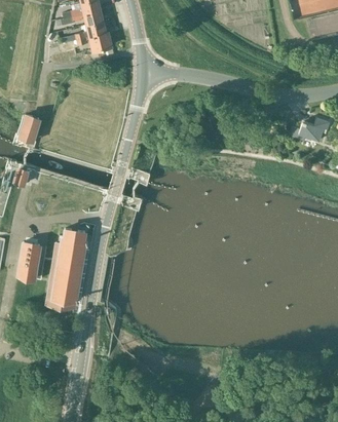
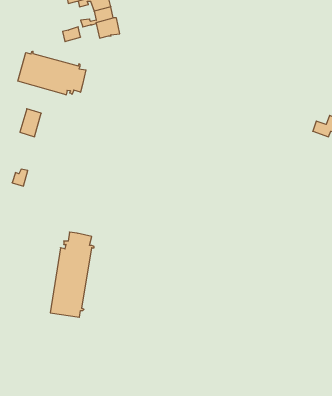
building: none -> [18,51,86,95]
building: [17,243,47,280] -> none

